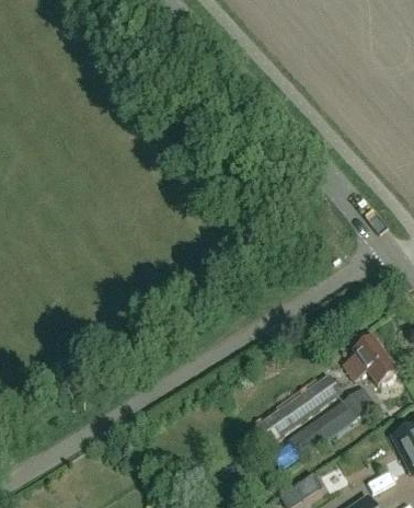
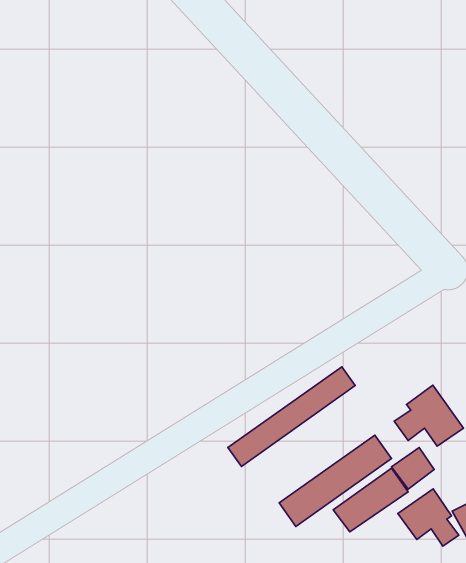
building: none -> [228,367,355,466]
building: none -> [398,489,459,546]

